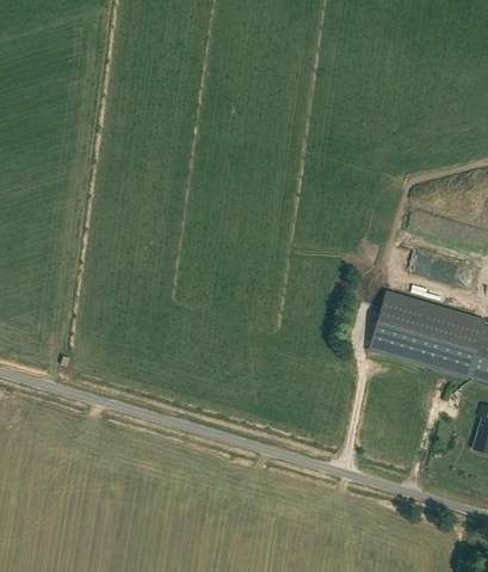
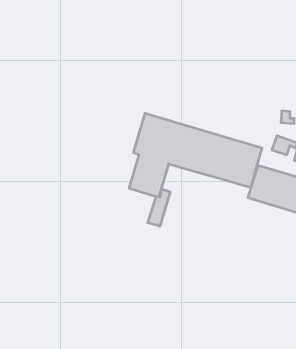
building: none -> [129,113,262,226]

